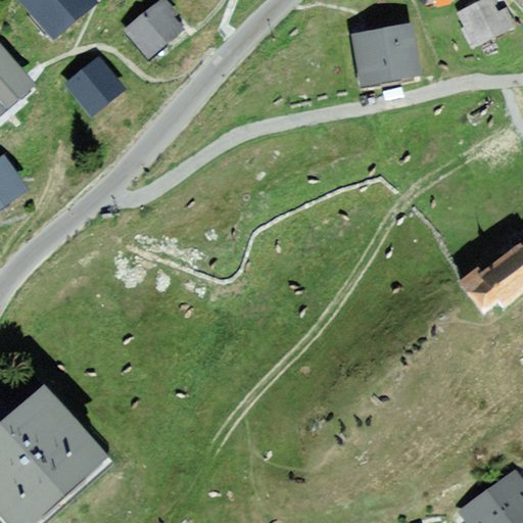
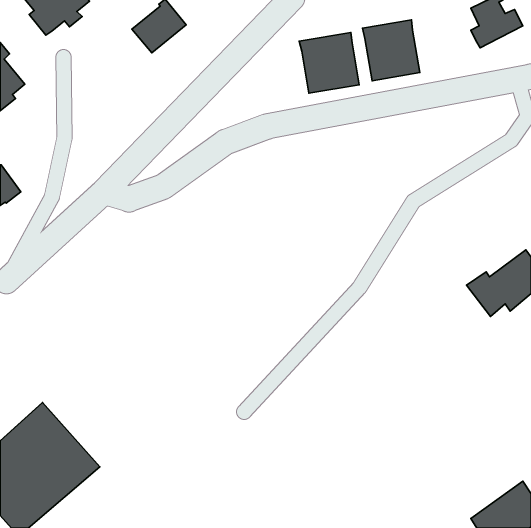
building: none -> [299,32,359,93]
building: [70,62,118,109] -> none

